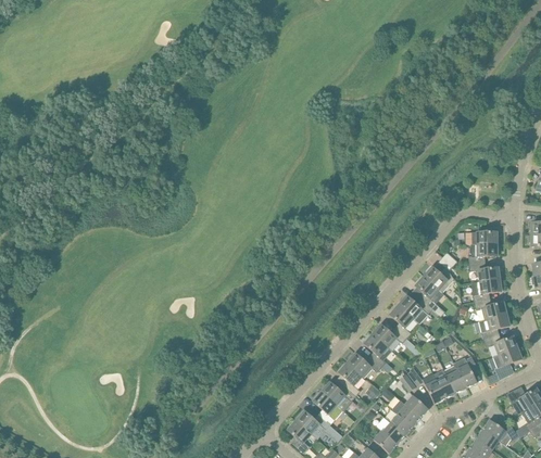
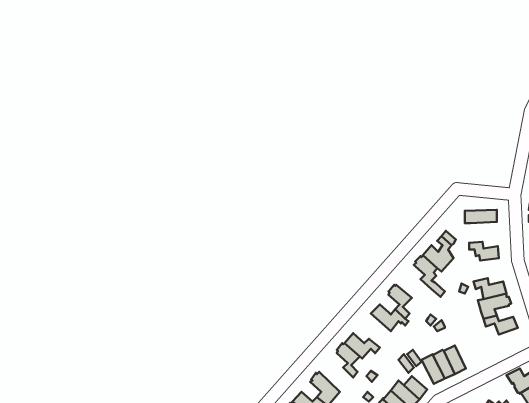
building: [468,243,498,264] -> none
building: [470,279,503,302] -> none
building: [398,295,432,323] -> none
building: [364,333,392,367] -> none
building: [487,347,521,384] -> none
building: [453,356,478,387] -> none
building: [322,382,355,411] -> none

